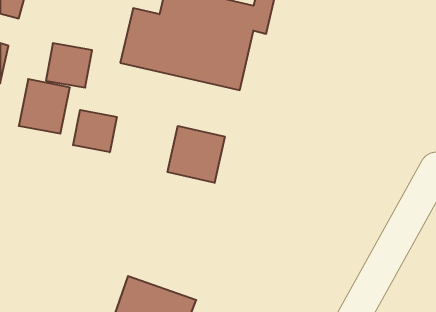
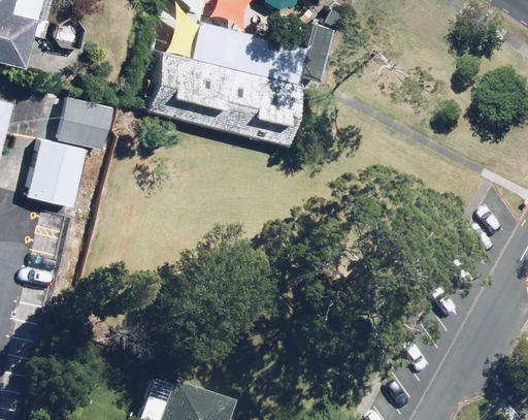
building: [73,110,117,152] -> none
building: [168,126,225,183] -> none

